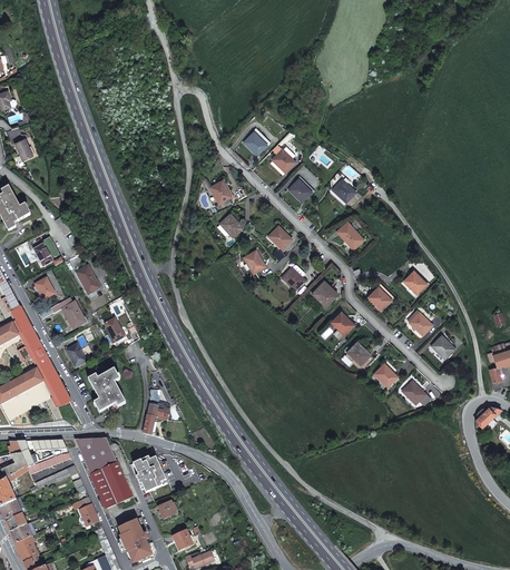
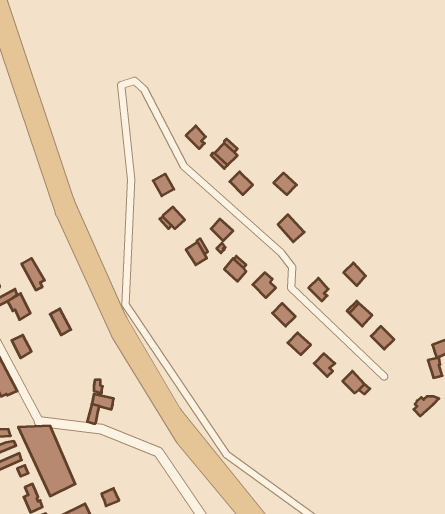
building: [88,368,125,414] -> none
building: [133,456,165,491] -> none

